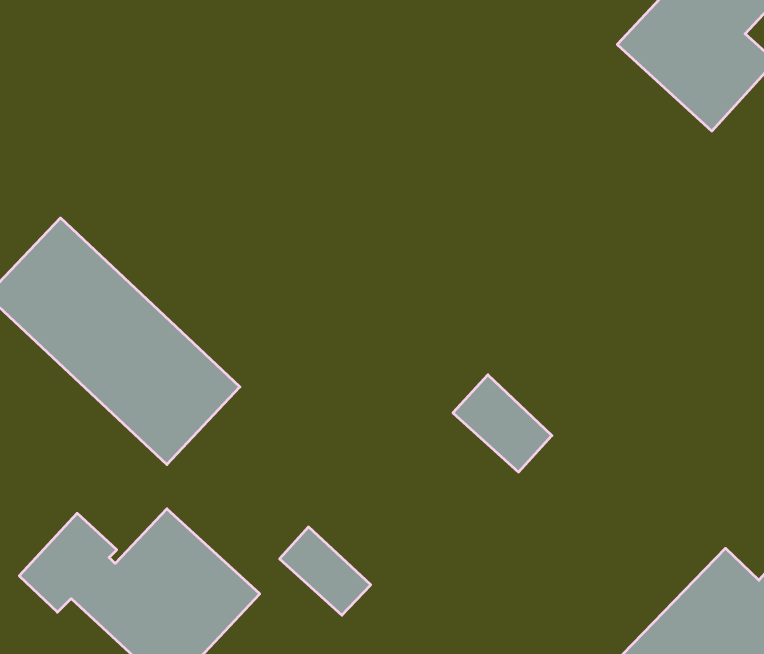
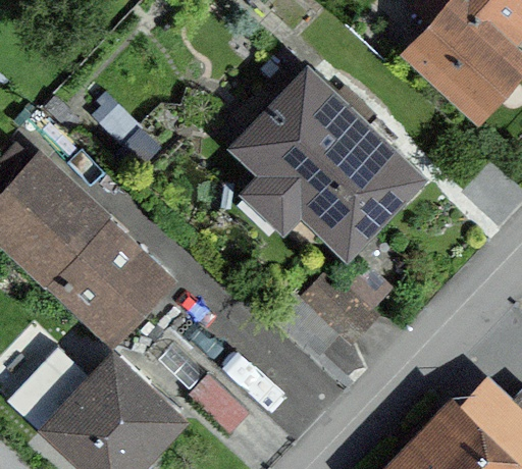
building: none -> [246,75,413,242]

